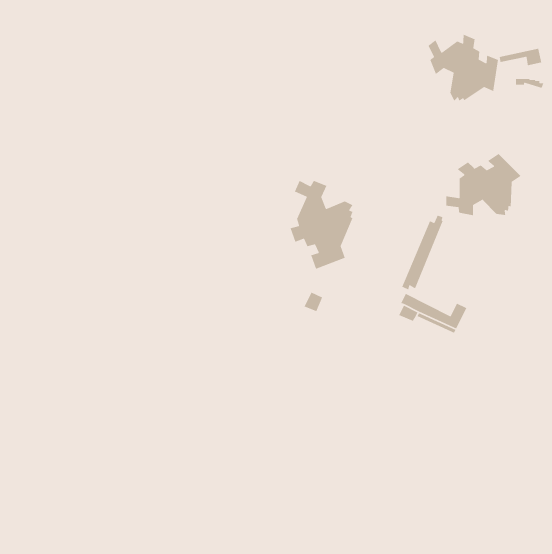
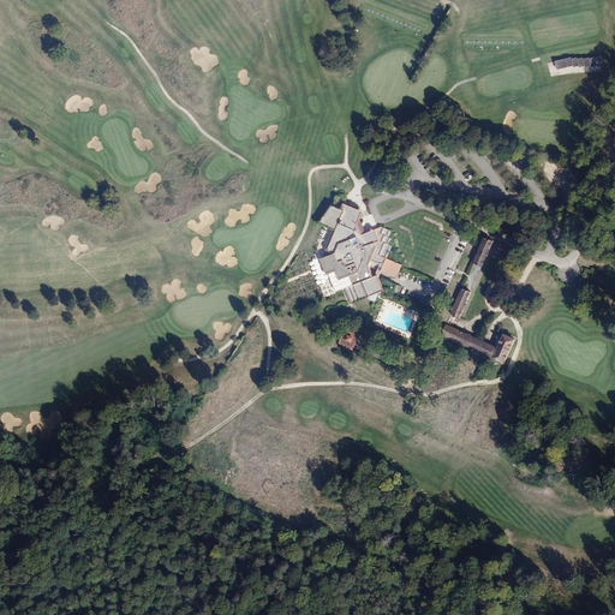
building: [428,33,499,102] -> none
building: [445,153,522,216] -> none

